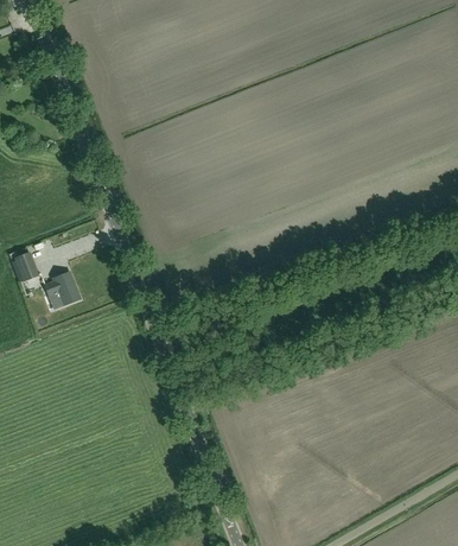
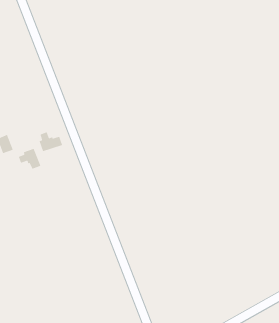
building: none -> [39,131,63,152]

